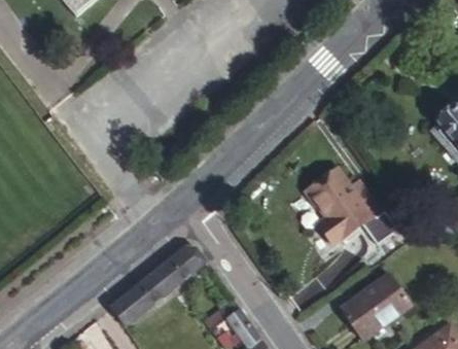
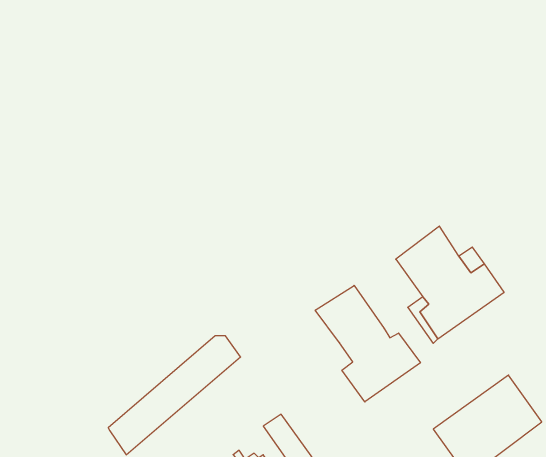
building: none -> [315,285,420,402]

